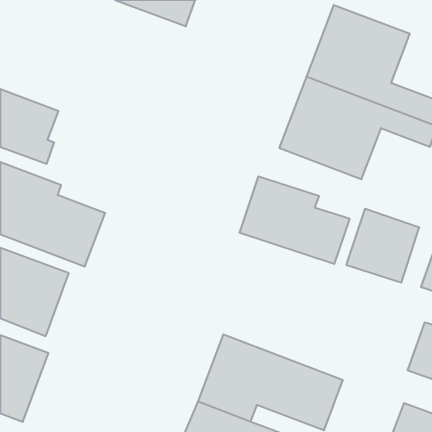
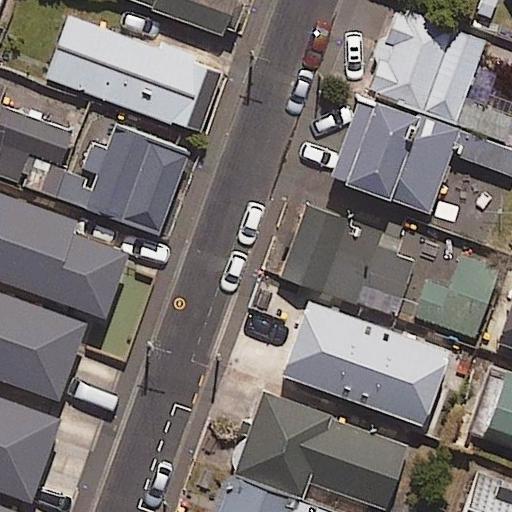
building: none -> [46,16,222,132]
building: none -> [57,128,187,232]
building: none -> [282,303,447,424]

